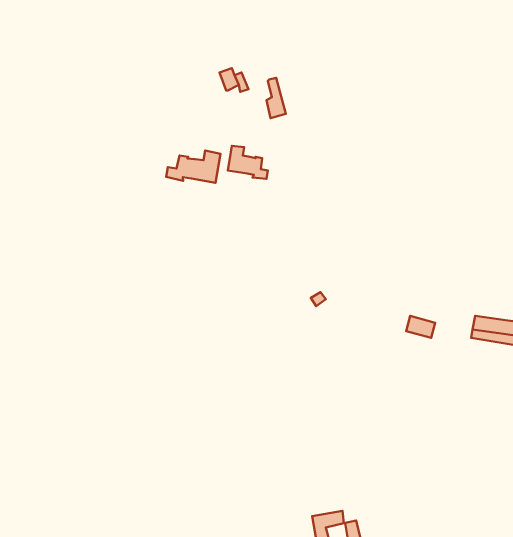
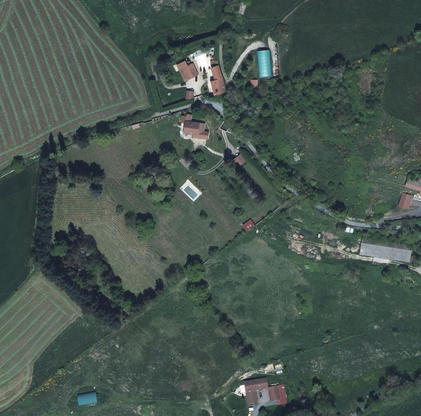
building: [166,151,220,183] -> none

